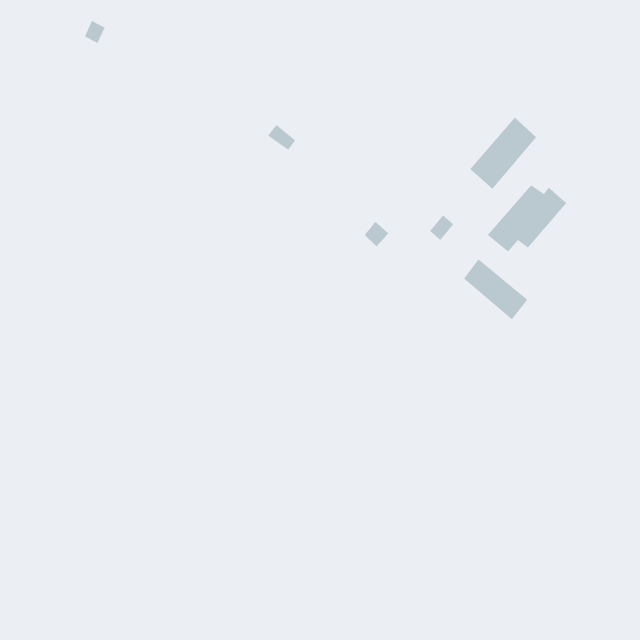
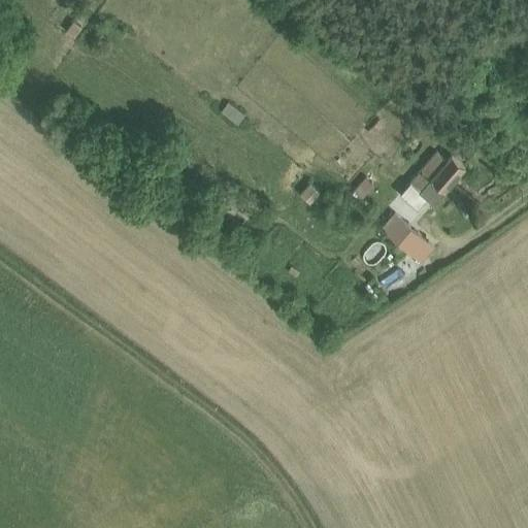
building: [469,117,537,190] -> none

